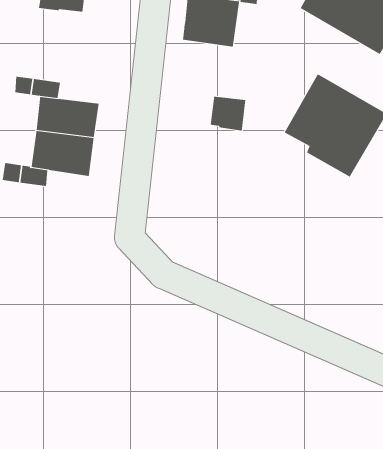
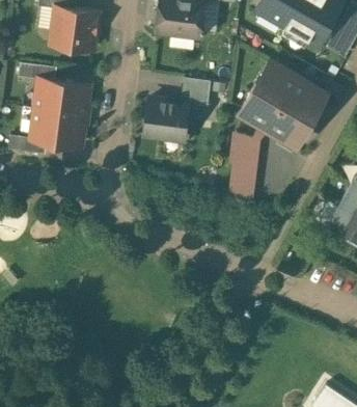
building: none -> [51,8,99,52]
building: none -> [145,100,188,141]
building: none -> [229,136,260,205]

